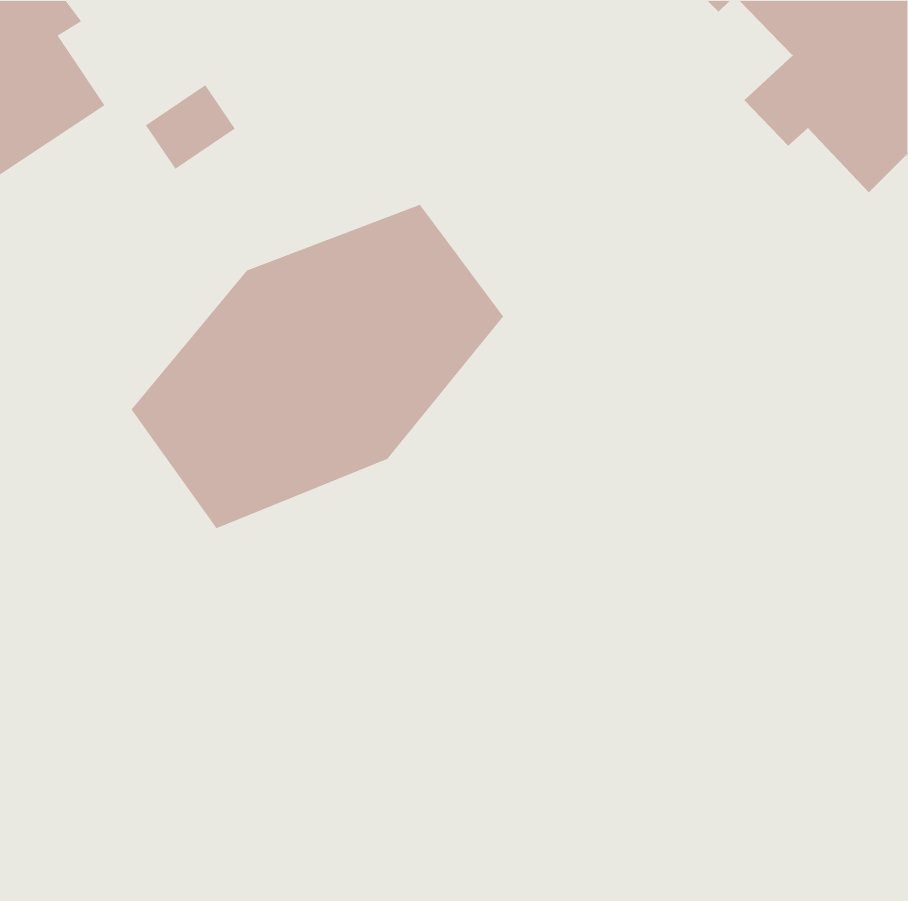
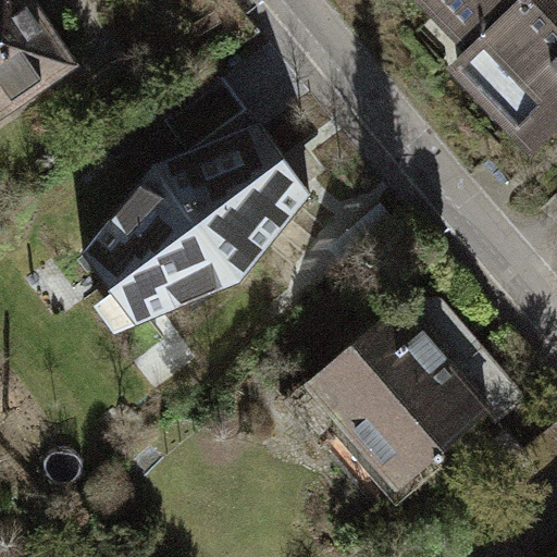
building: none -> [282,309,523,492]

